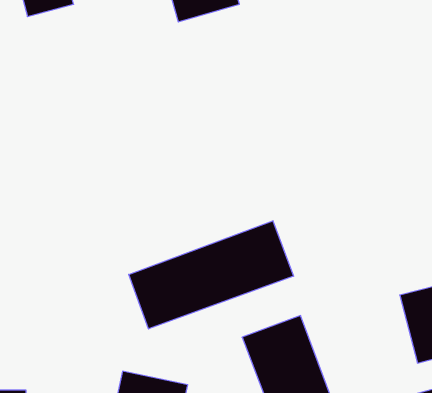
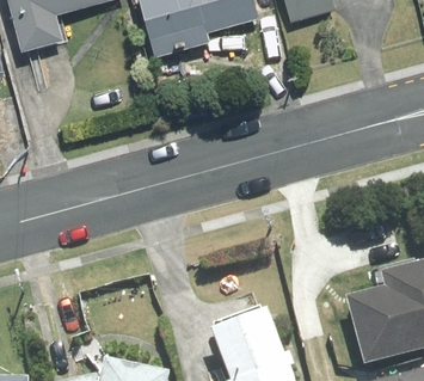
building: [129,221,294,329] -> none

